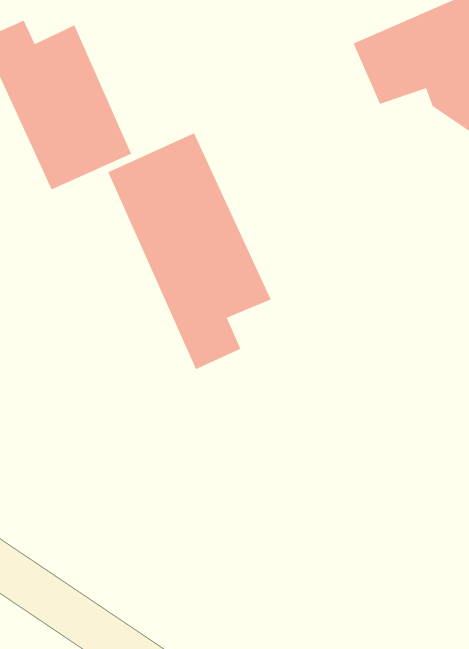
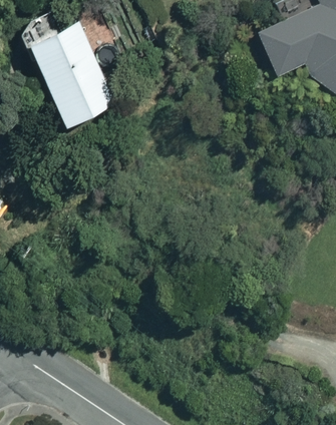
building: [107,132,272,370] -> none

